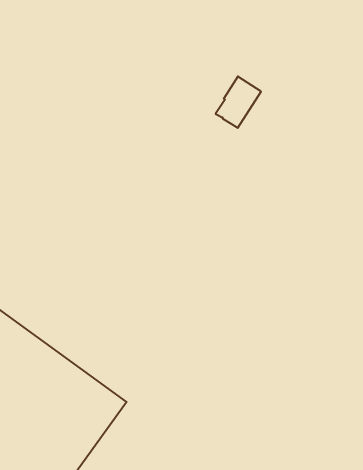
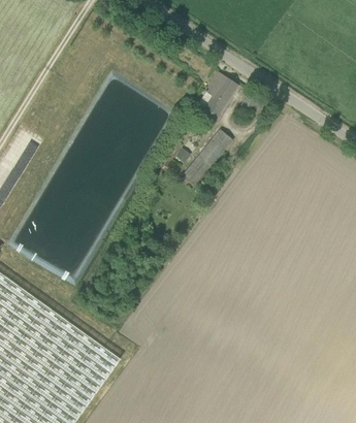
building: none -> [182,129,232,186]

